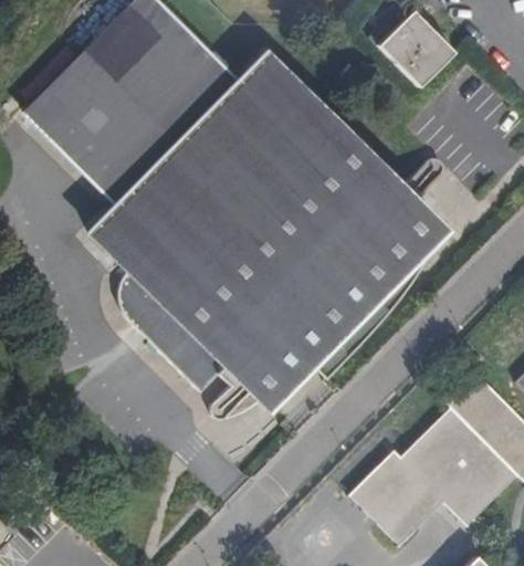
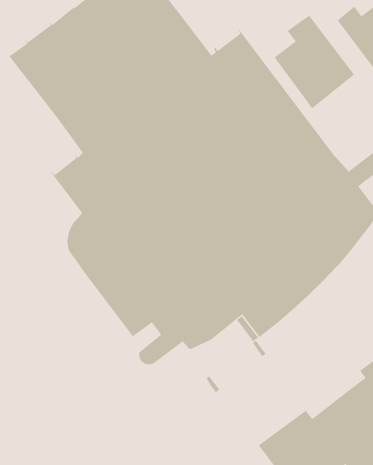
building: none -> [274,15,355,109]

